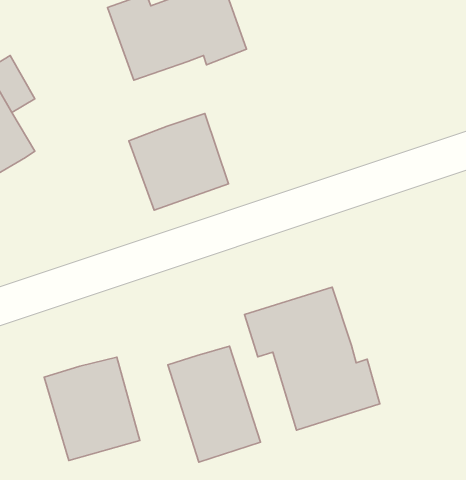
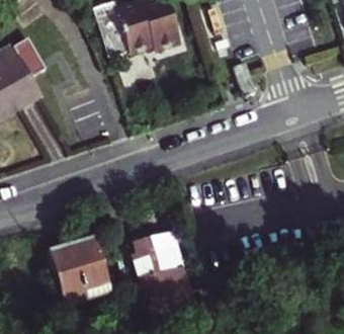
building: [129,113,229,210] -> none
building: [245,287,380,430] -> none

